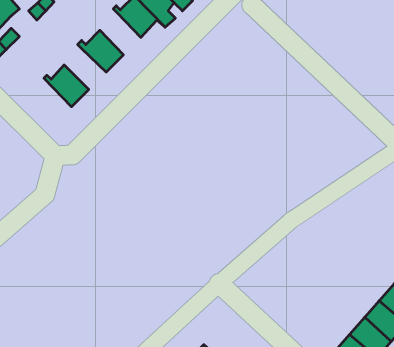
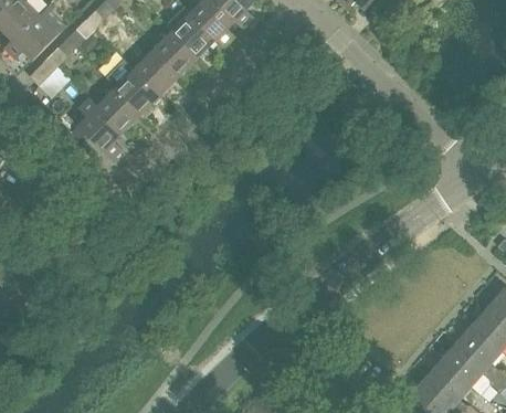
building: none -> [149,31,198,76]
building: none -> [112,70,160,114]
building: none -> [77,98,123,160]

